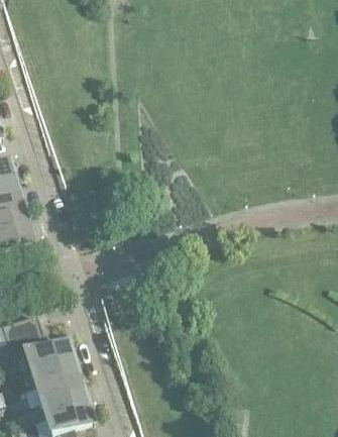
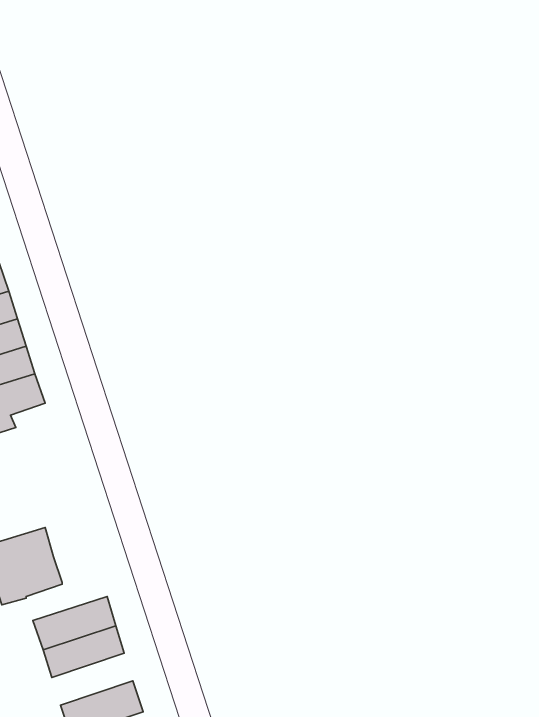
building: [24,338,72,367] -> none
building: [39,387,87,417] -> none

